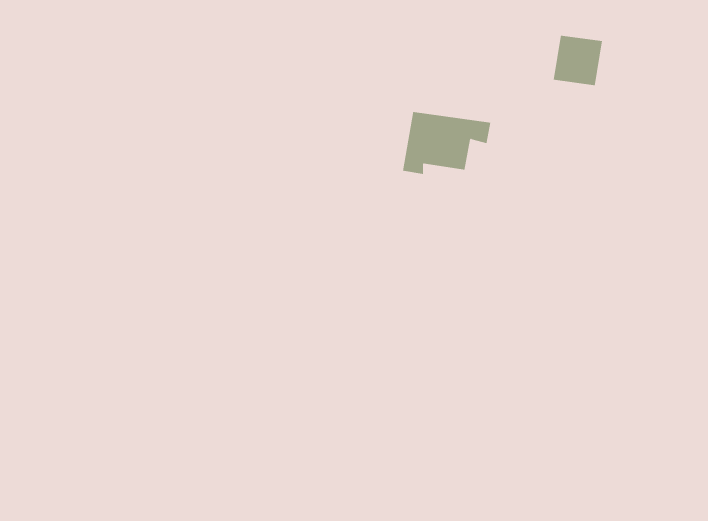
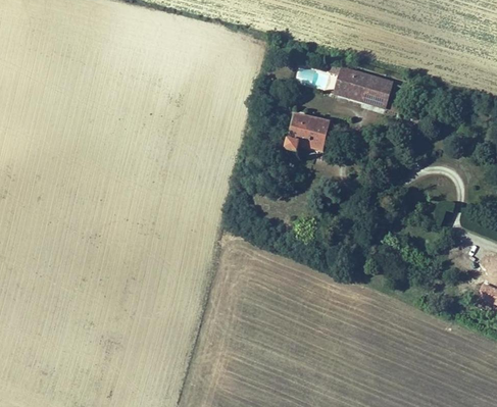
building: none -> [338,67,378,104]

